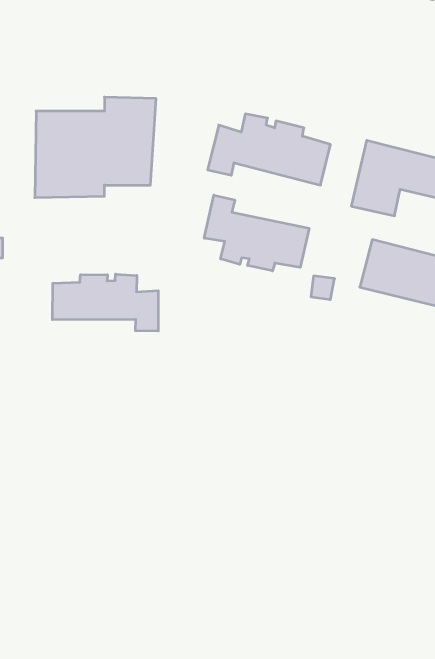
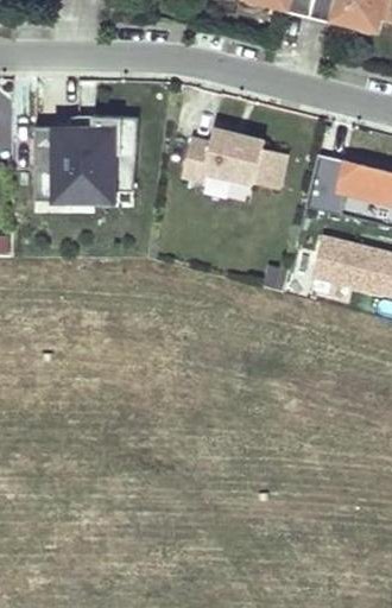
building: [204,195,309,271] -> none
building: [52,274,158,331] -> none

